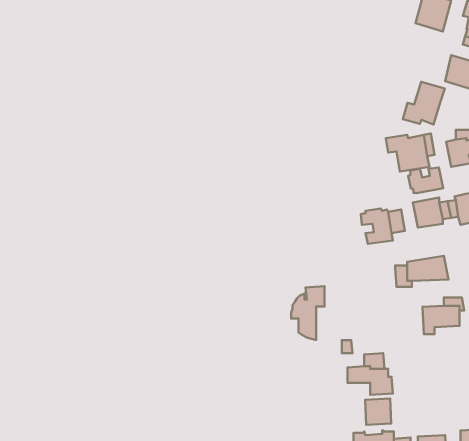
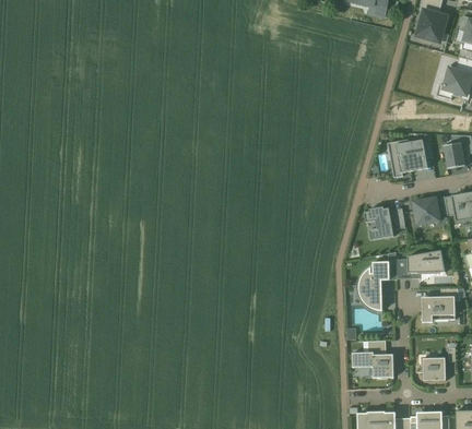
building: [403,82,445,125] -> none
building: [408,167,443,193] -> none
building: [291,286,325,340] -> [358,261,389,310]
building: [365,399,391,425] -> [422,357,446,381]

